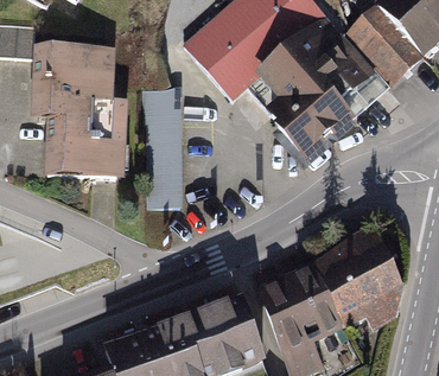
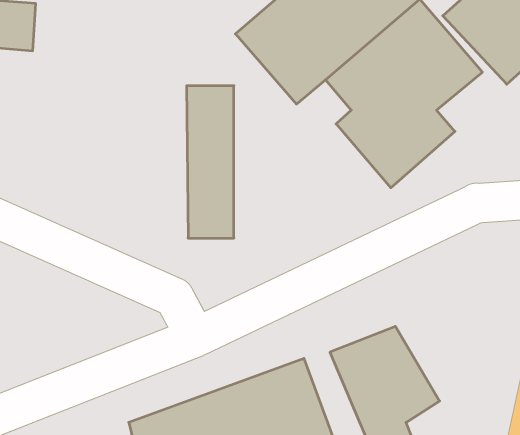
building: [30,47,122,173] -> none
building: [307,231,400,334] -> none

